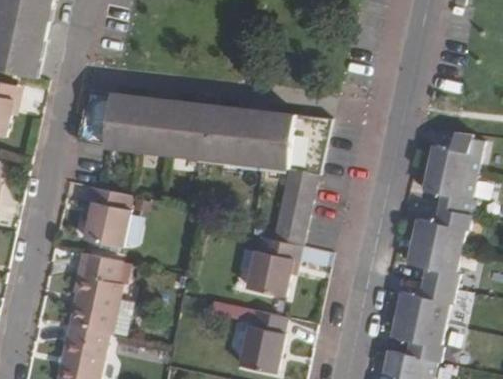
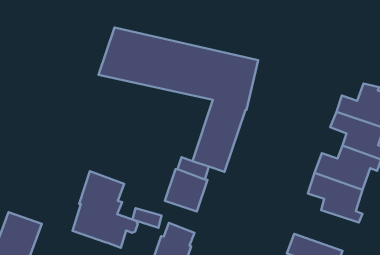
building: [74,91,166,155] -> none
building: [80,187,127,248] -> none
building: [70,251,142,333] -> [73,171,138,248]
building: [393,279,464,322] -> none

